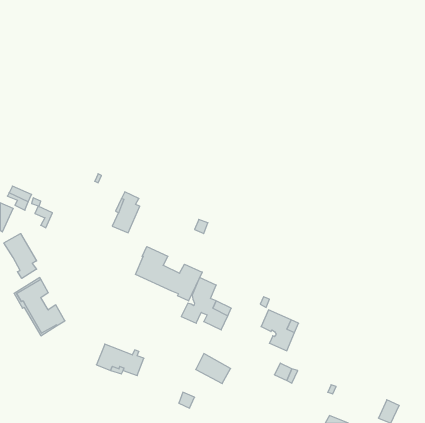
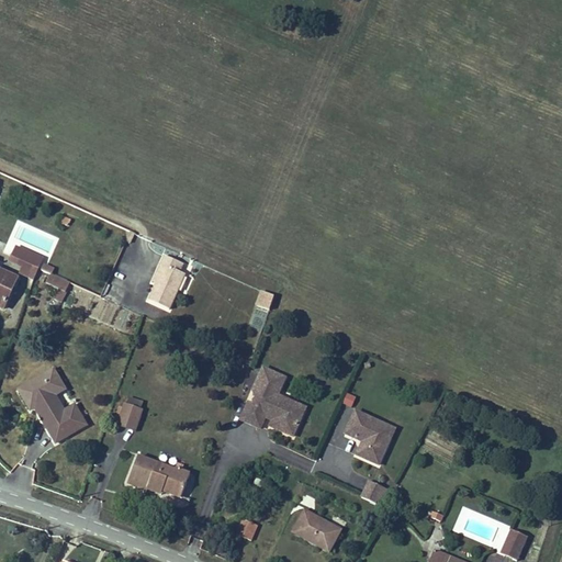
building: [4,234,37,278] -> none
building: [135,247,202,301] -> none
building: none -> [117,396,142,429]
building: [196,354,231,384] -> [293,509,339,549]

